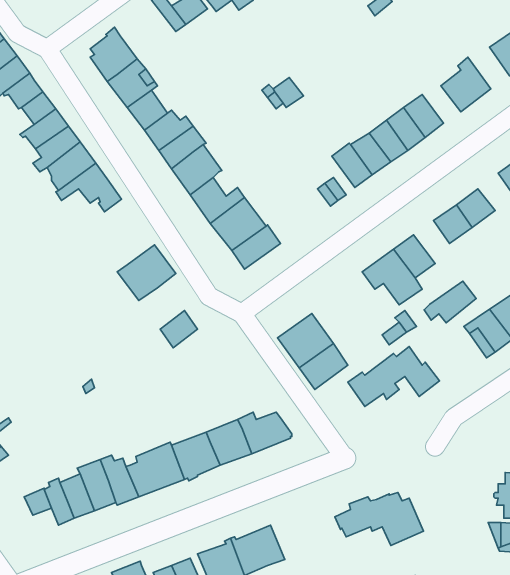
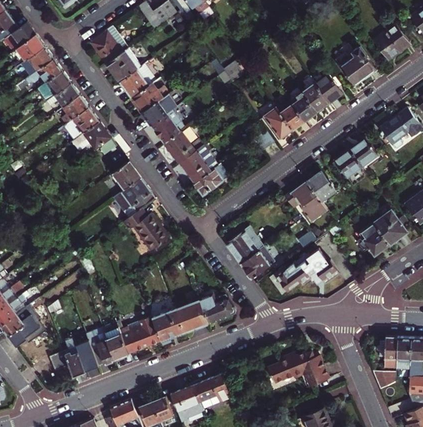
building: none -> [113,162,139,192]
building: [424,281,476,323] -> none
building: none -> [124,208,160,237]

